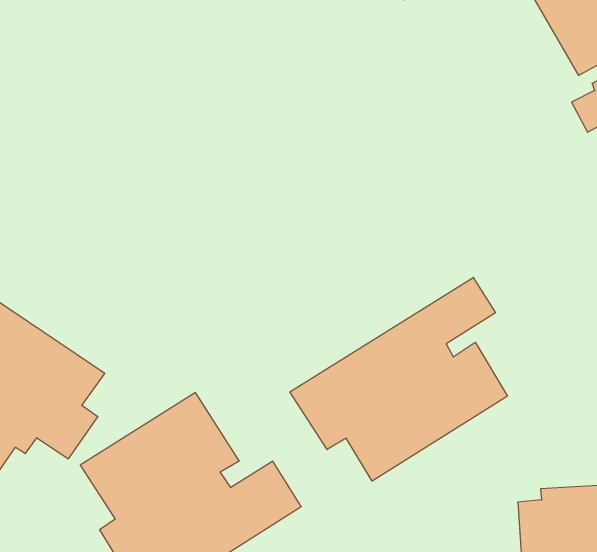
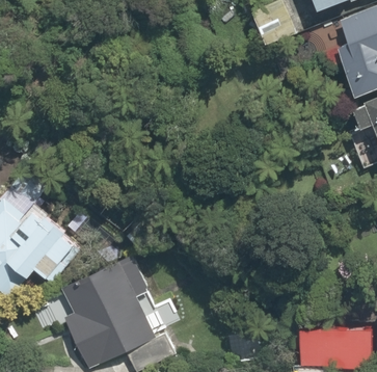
building: [290,277,508,481] -> none

